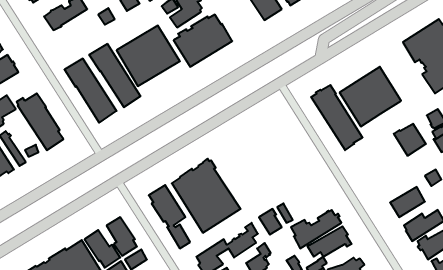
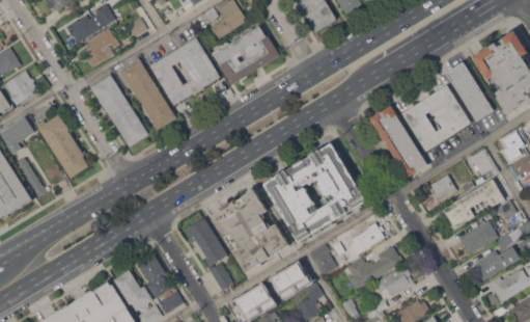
building: none -> [84,29,116,68]
building: none -> [446,62,494,122]
building: none -> [263,142,367,243]
building: none -> [428,175,456,202]
building: none -> [443,179,504,229]
building: none -> [348,222,384,253]

